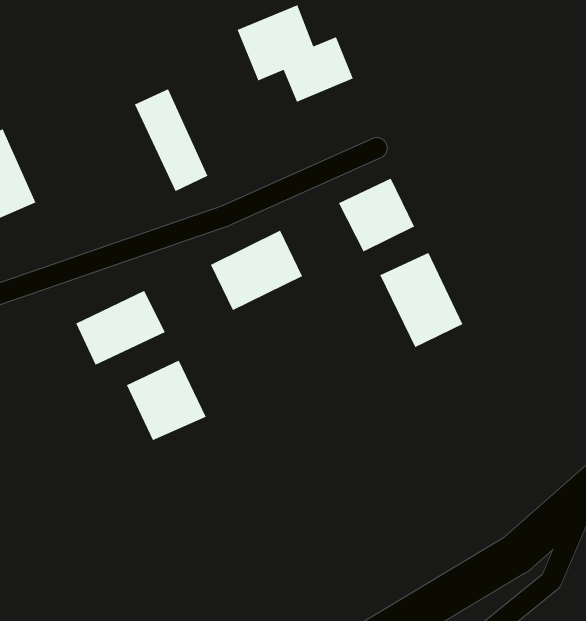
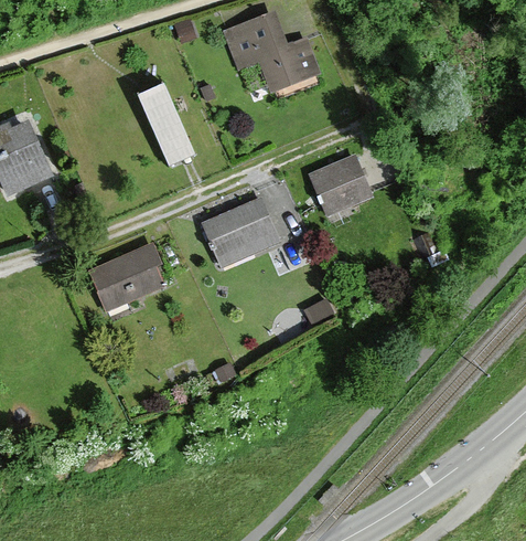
building: [379,252,463,348] -> none
building: [126,360,207,441] -> none

